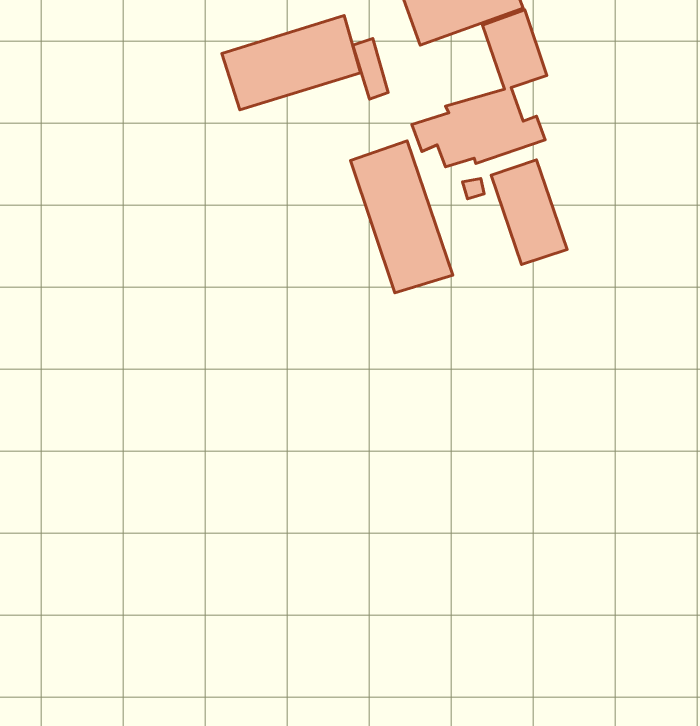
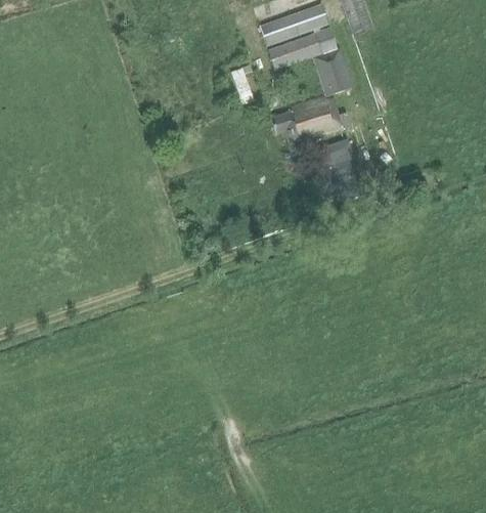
building: [222,15,360,110] -> none
building: [350,141,453,293] -> none

